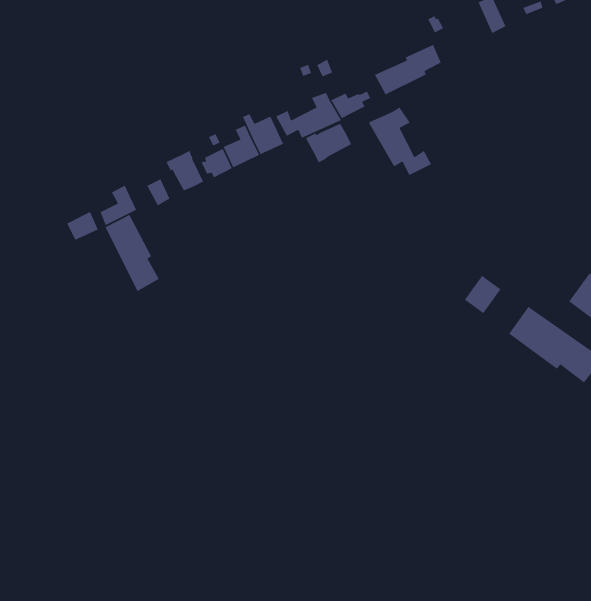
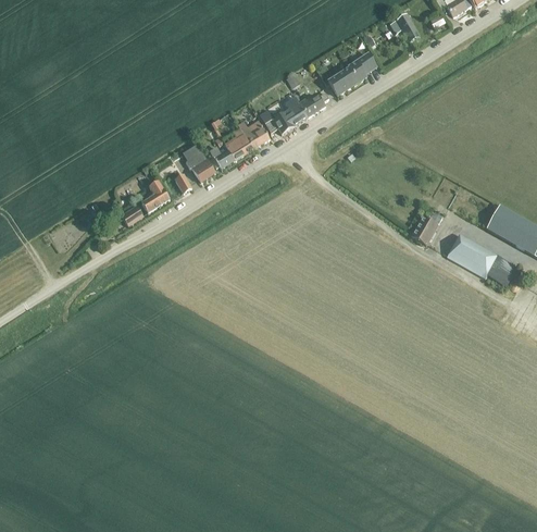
building: [368,107,432,176] -> none
building: [305,123,352,164] -> none
building: [105,214,160,292] -> none

